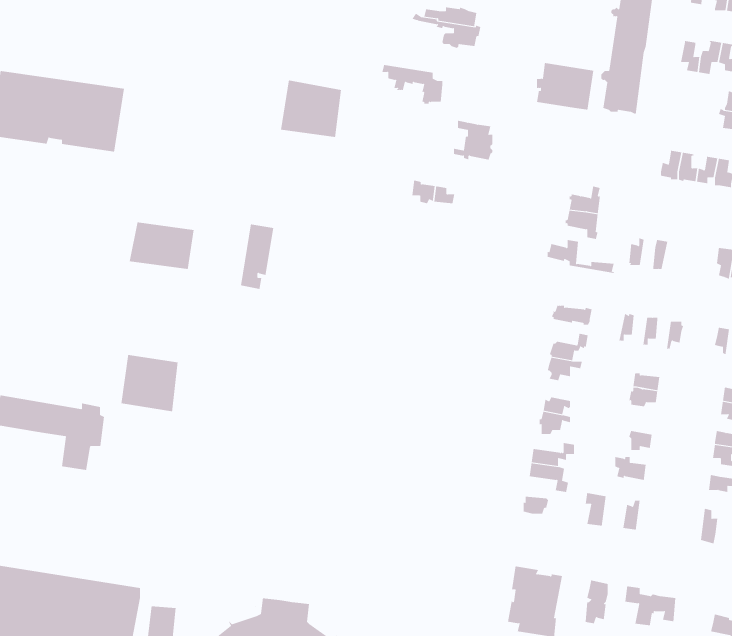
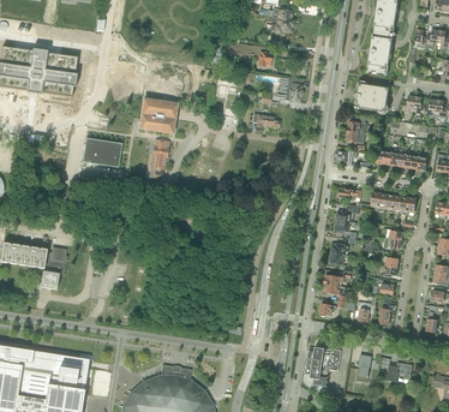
building: [536,62,594,110] -> [353,83,388,112]
building: [280,80,342,138] -> [138,98,175,133]
building: [121,354,178,412] -> none

